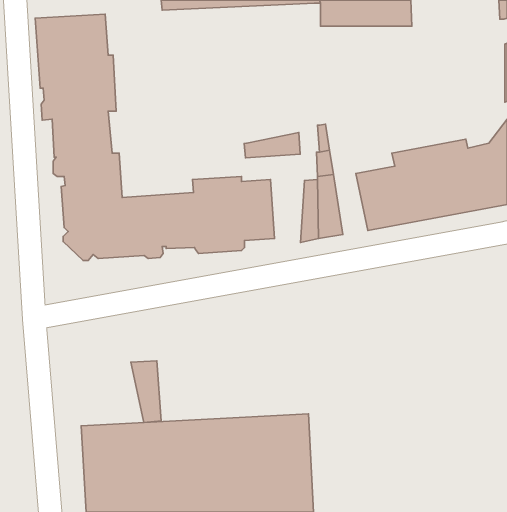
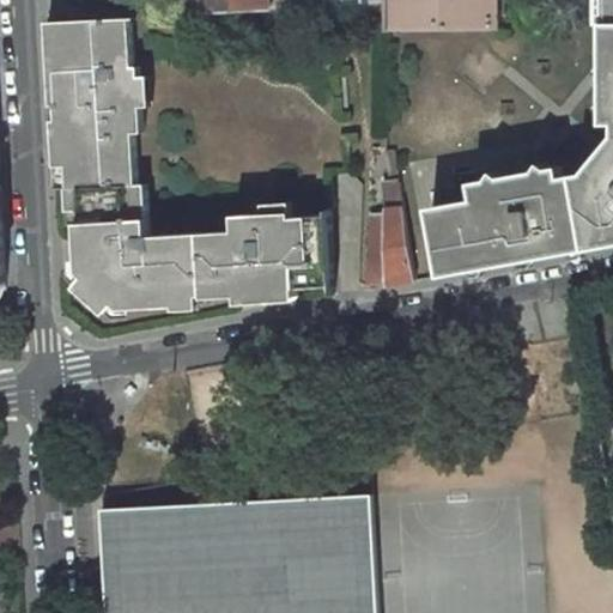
building: [244,133,300,158] -> none
building: [131,361,161,423] -> none

